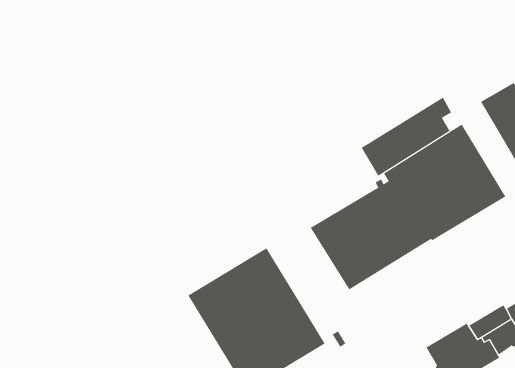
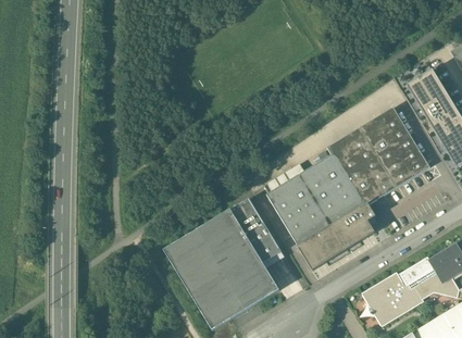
building: [361,97,452,176] -> [298,203,374,270]
building: none -> [229,198,280,263]

